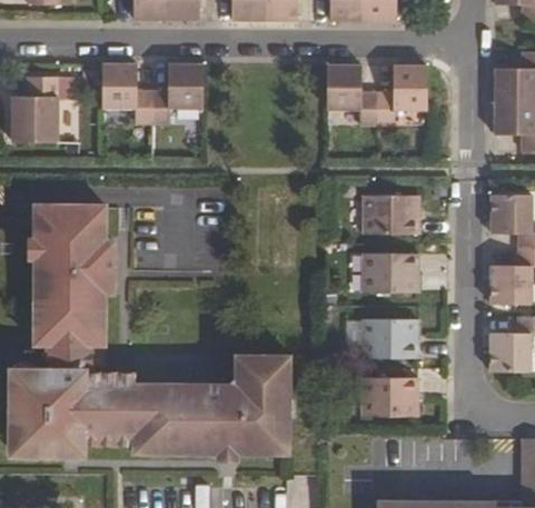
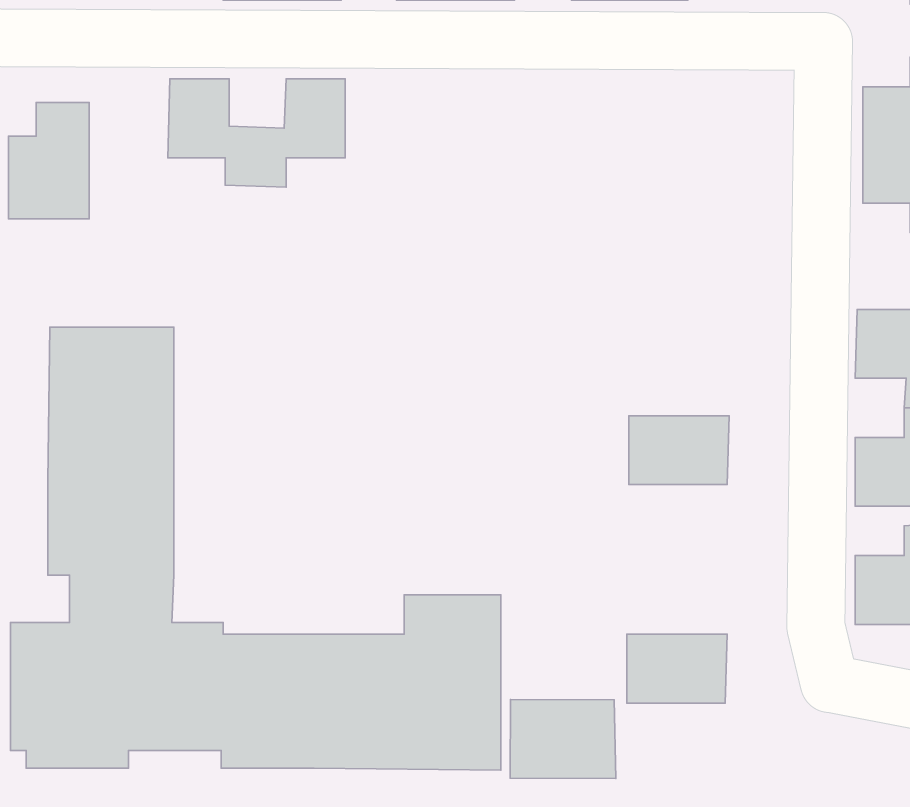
building: [327,66,427,127] -> none
building: [363,196,419,236] -> none
building: [363,319,418,359] -> none
building: none -> [510,699,616,779]

